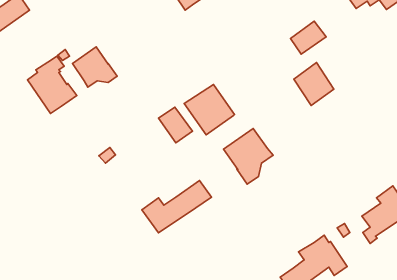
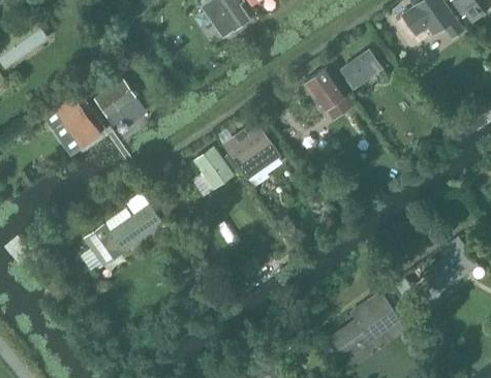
building: [294,63,334,106] -> [303,65,348,114]
building: [223,128,273,184] -> none
building: [142,181,211,233] -> [84,207,162,265]

